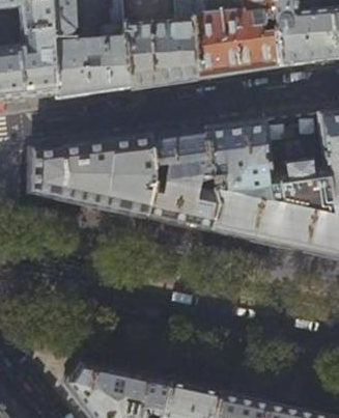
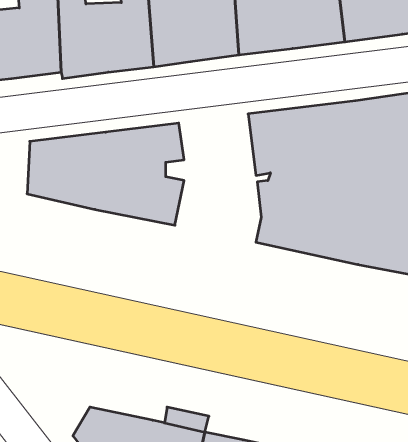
building: [144,128,213,229] -> none

